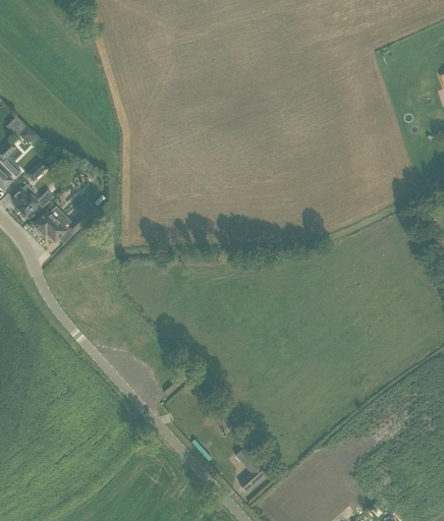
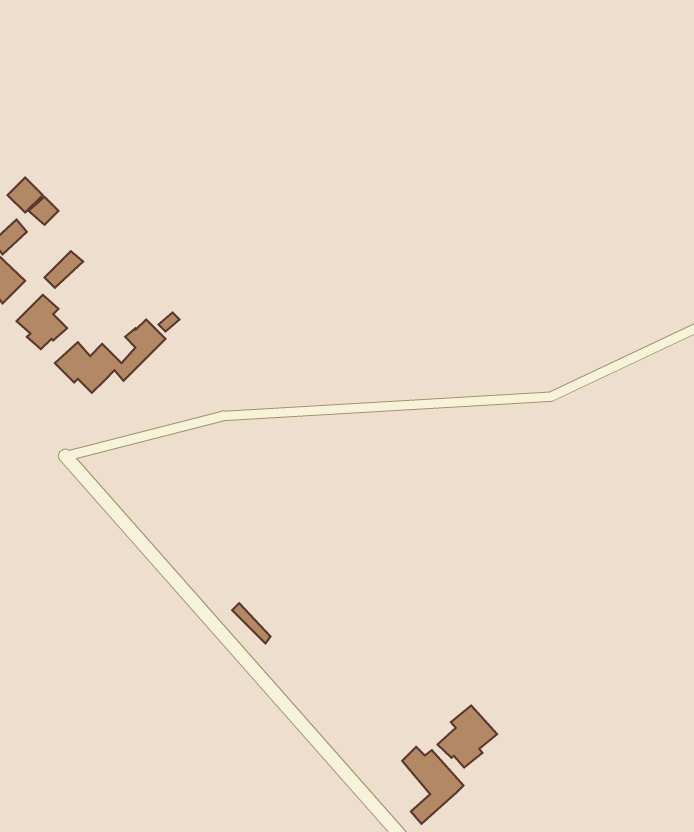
building: none -> [437,705,497,767]

